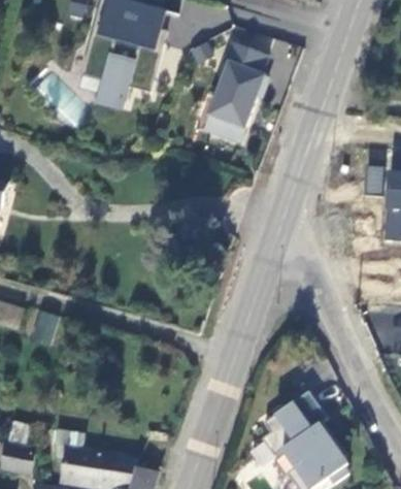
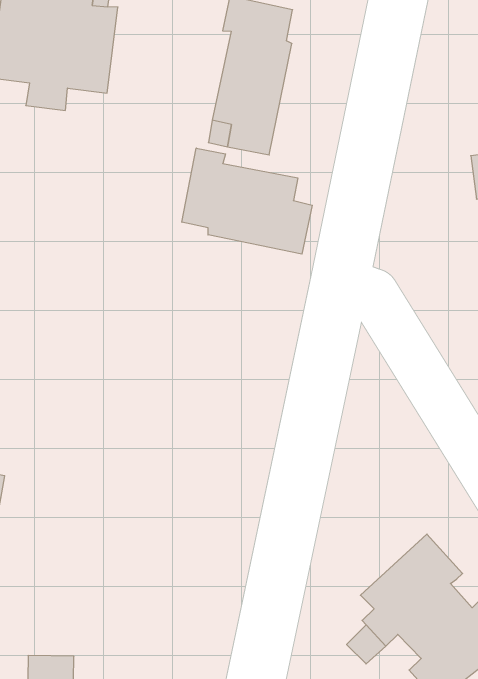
building: none -> [182,148,312,254]

